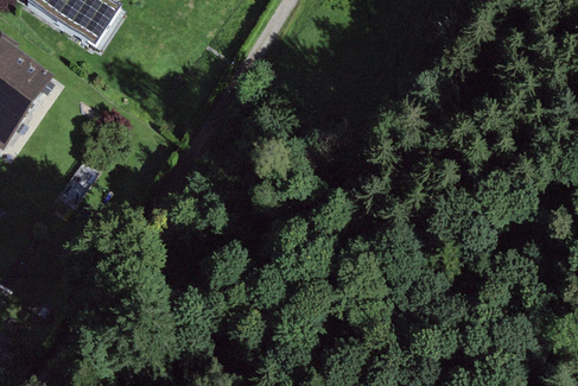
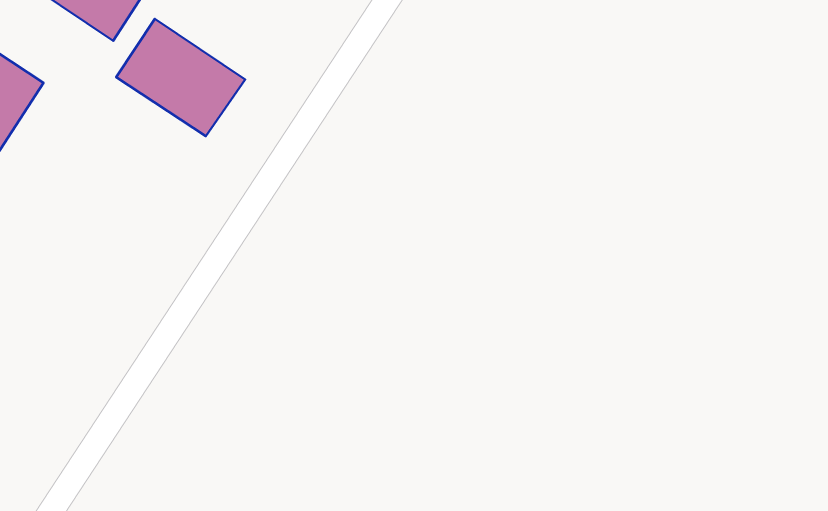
building: none -> [116,19,245,136]

